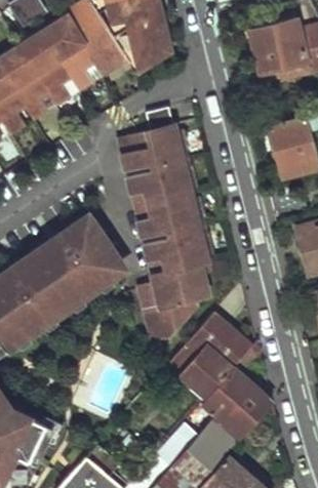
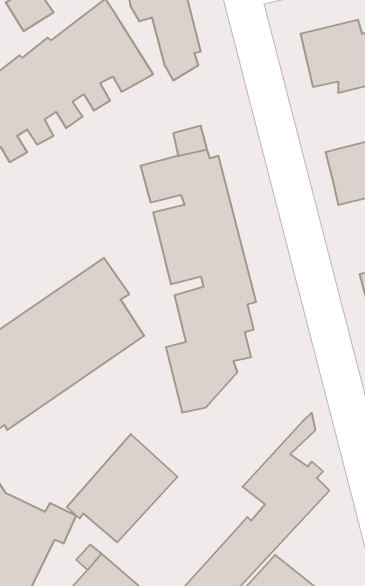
building: [96,9,136,65] -> none
building: [159,313,249,401] -> [67,434,178,542]

